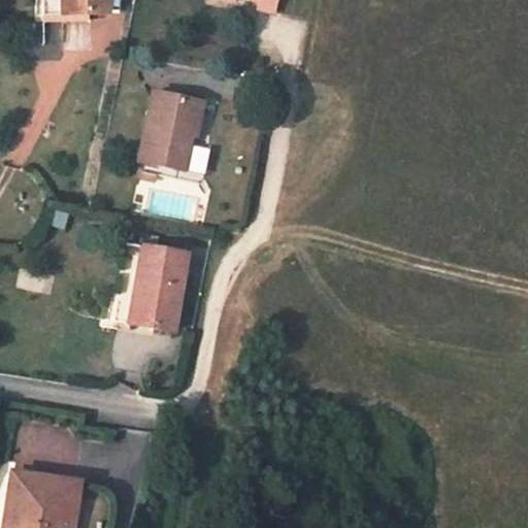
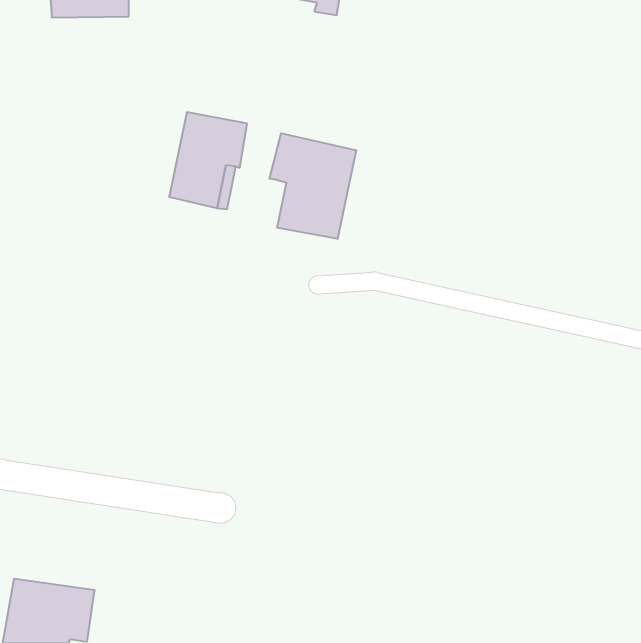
building: none -> [269,133,356,239]
building: [117,244,190,331] -> none

